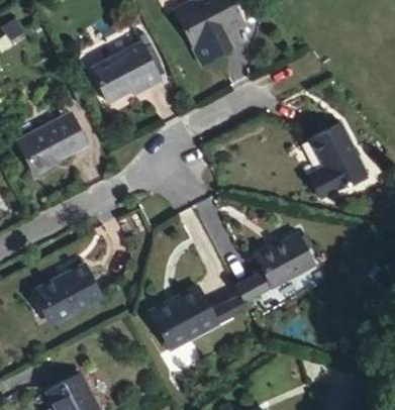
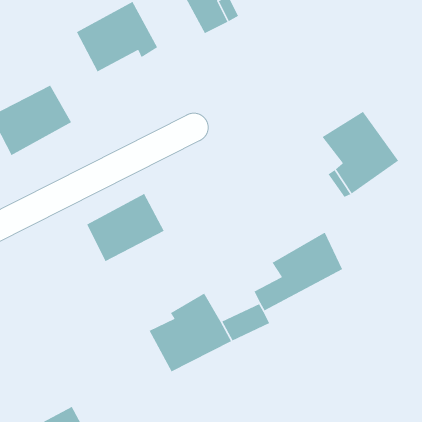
building: [39,259,106,317] -> [86,193,165,262]

